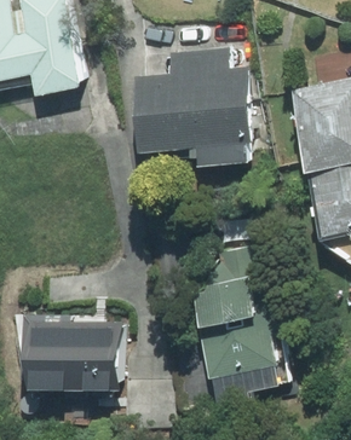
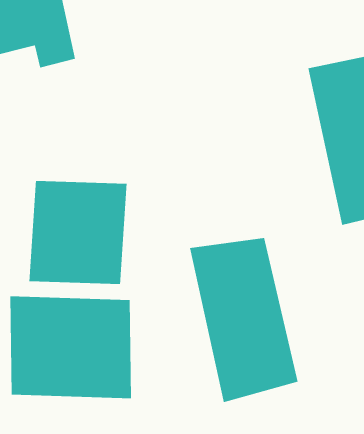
building: [132,52,252,155] -> none
building: none -> [29,180,127,285]

